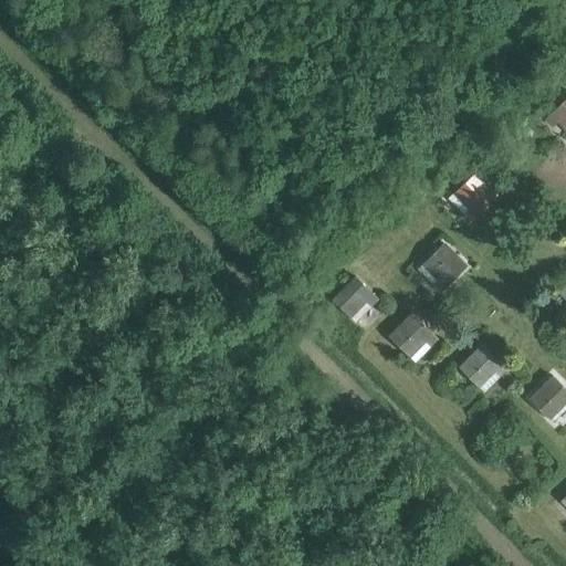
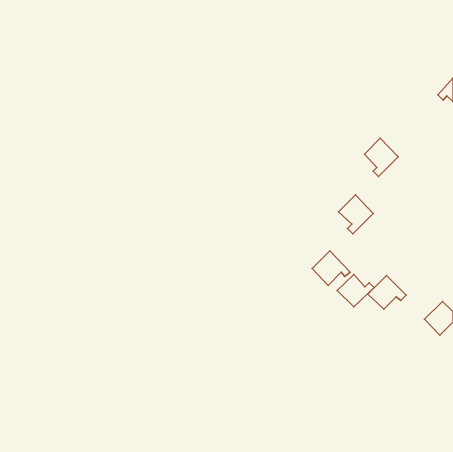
building: [333,277,377,316] -> none
building: none -> [337,275,374,307]

